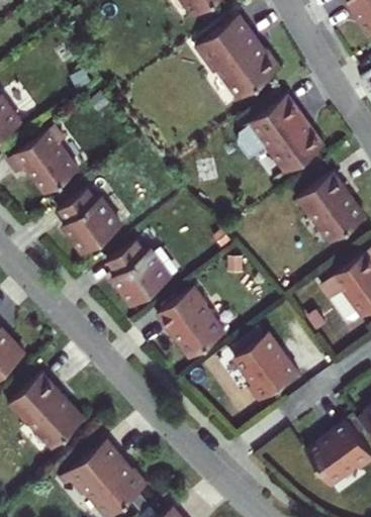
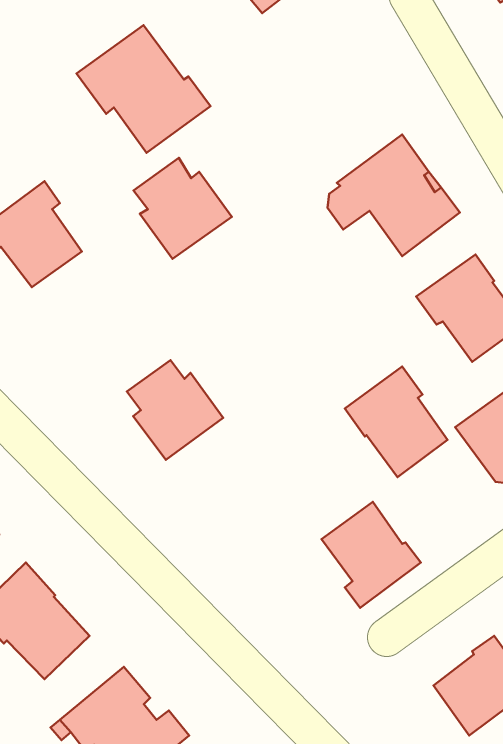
building: [195,16,282,99] -> [77,25,210,153]
building: [59,189,122,254] -> [134,158,232,259]
building: [158,286,224,357] -> [345,367,447,477]

